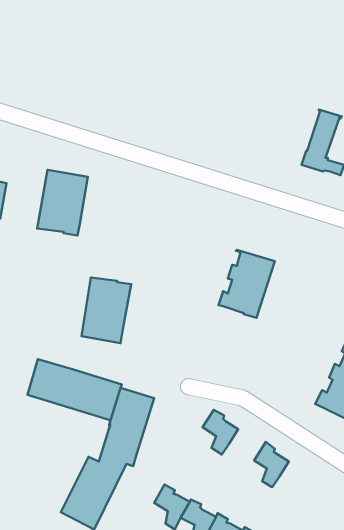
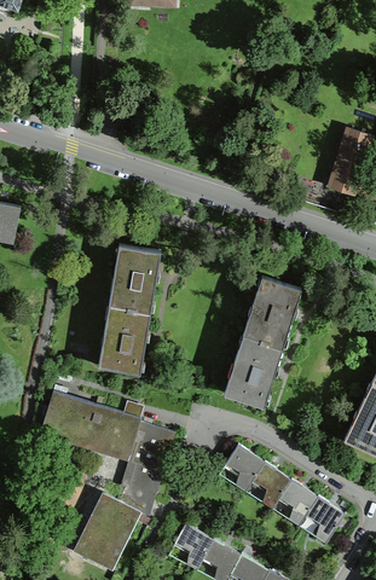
building: [37,170,88,235] -> [108,244,161,313]
building: none -> [224,336,282,407]
building: none -> [253,462,289,509]
building: none -> [306,497,345,544]

